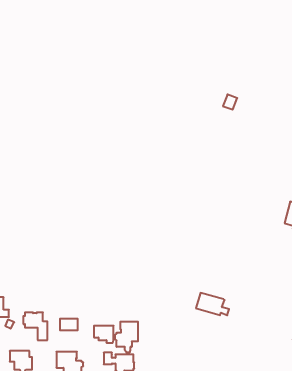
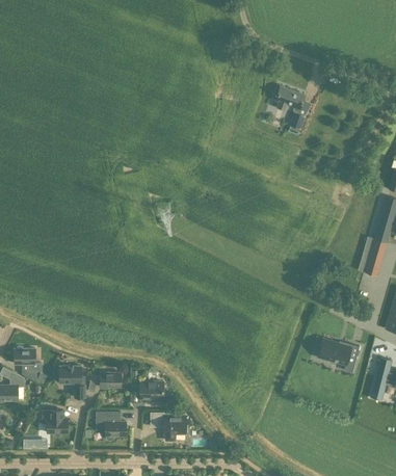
building: none -> [274,85,305,110]
building: [196,293,229,315] -> [317,338,355,364]
building: [115,322,138,353] -> none

